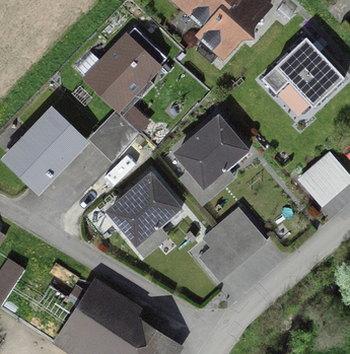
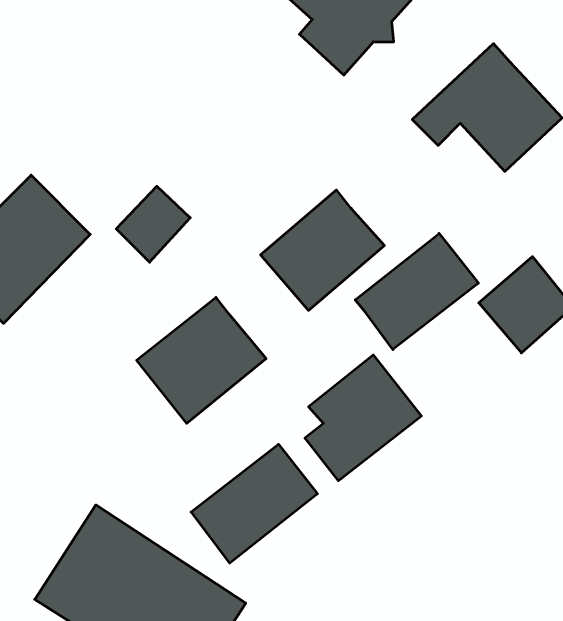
building: [76,27,166,110] -> none
building: none -> [355,233,478,350]
building: none -> [191,444,317,563]

